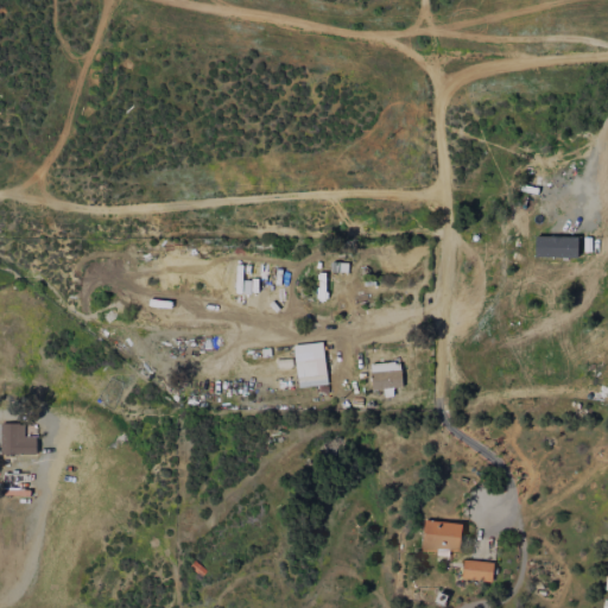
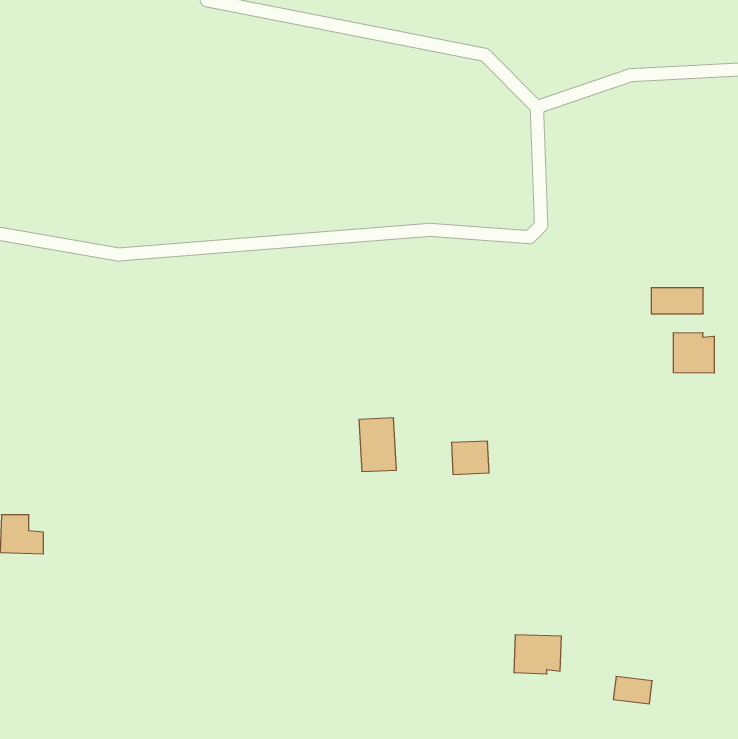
building: none -> [673,333,714,373]
building: [462,559,494,582] -> [613,676,652,704]

